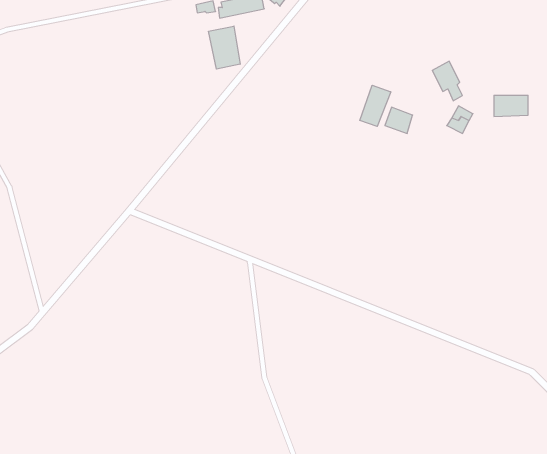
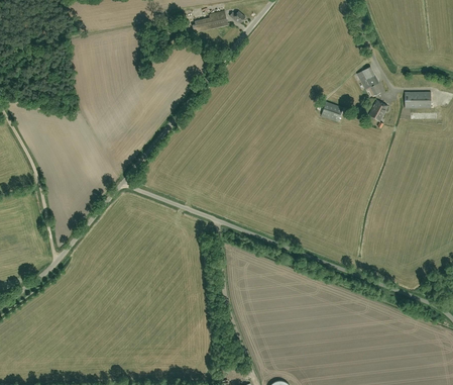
building: [209,26,240,69] -> none
building: [360,85,391,126] -> none

